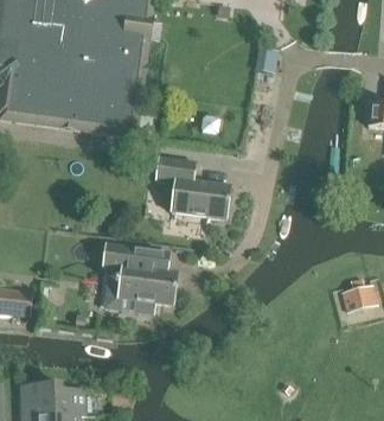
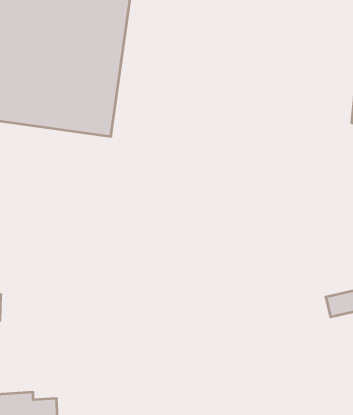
building: [154,158,230,219] -> none
building: [101,243,177,305] -> none

